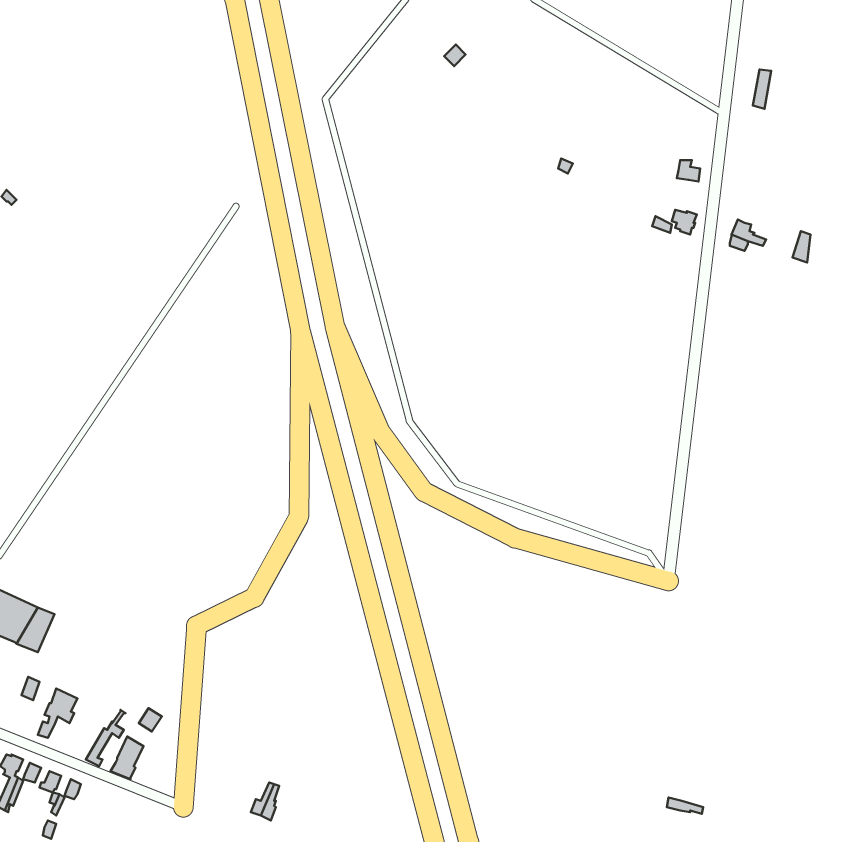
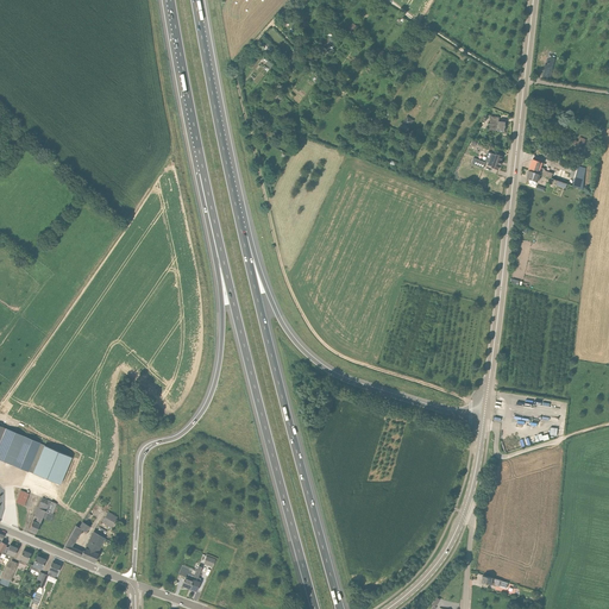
building: none -> [31,445,70,483]

